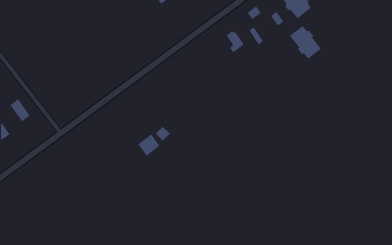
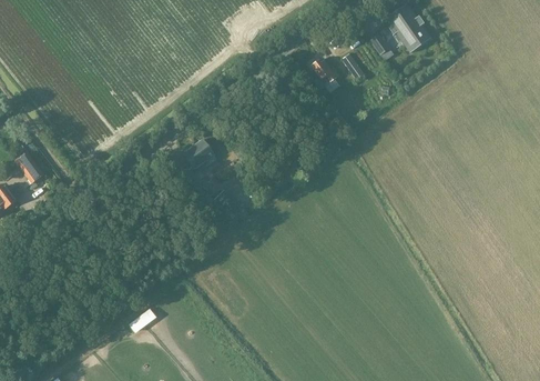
building: [289,25,322,60] -> none
building: [137,134,160,156] -> [183,140,214,171]

